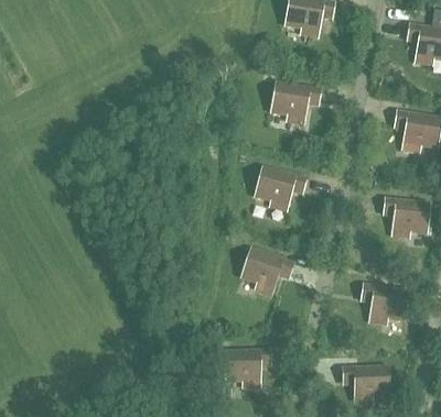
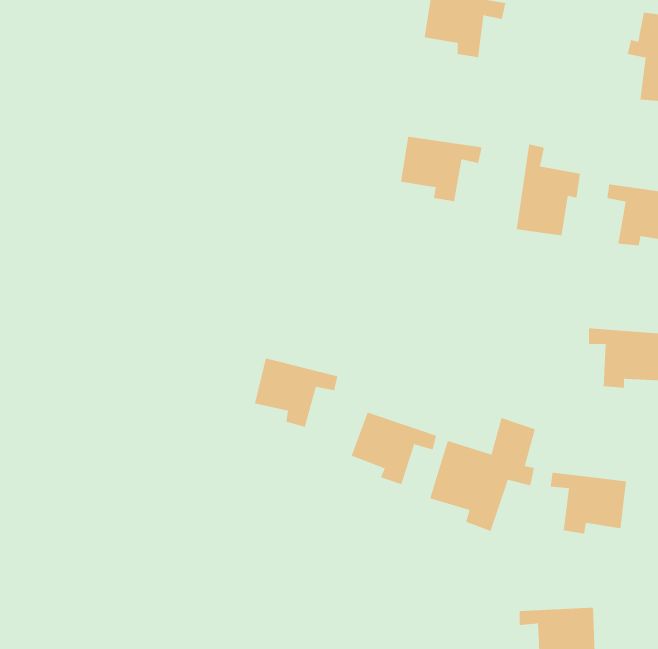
building: none -> [516,143,580,236]
building: [256,167,306,209] -> [254,358,338,427]
building: none -> [429,417,536,532]
building: [225,350,270,385] -> none

